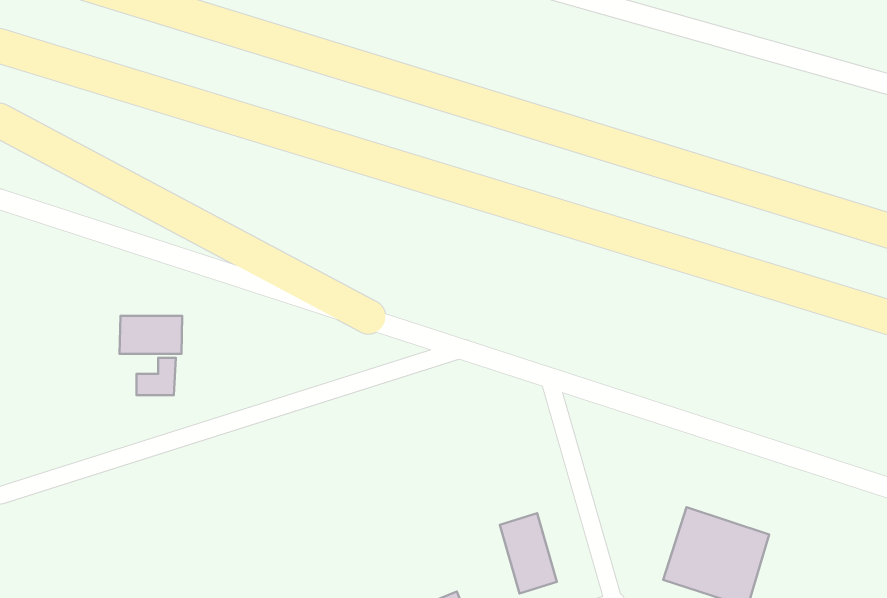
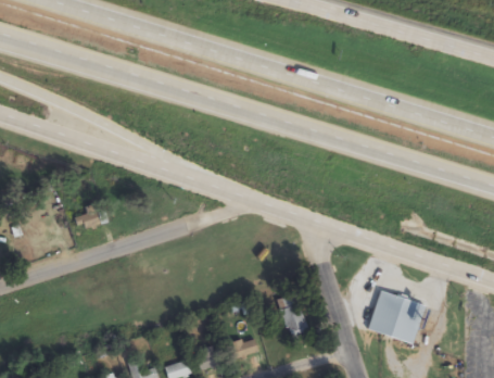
building: [119,316,182,354] -> none

